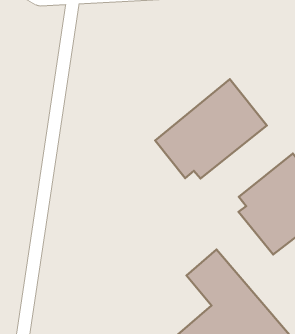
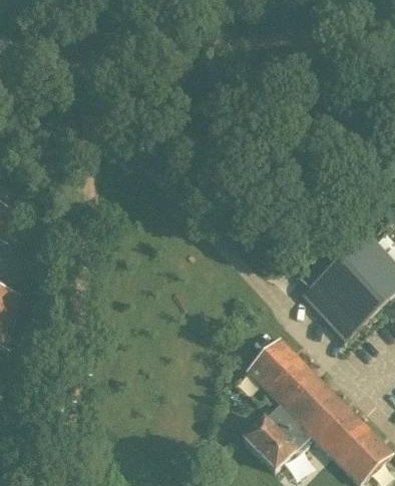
building: [155,79,267,179] -> none

